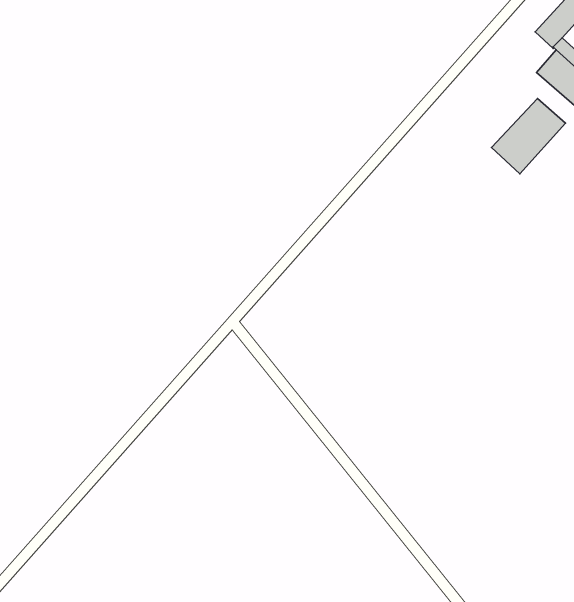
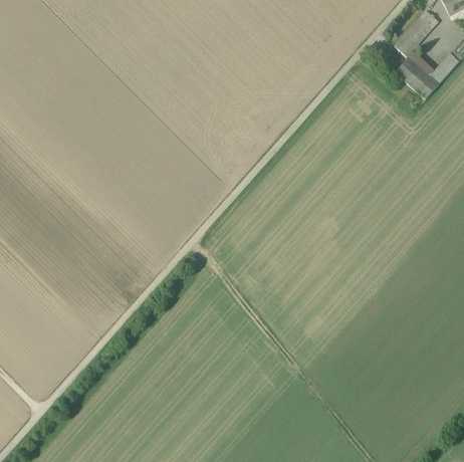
building: [491,99,566,174] -> none

